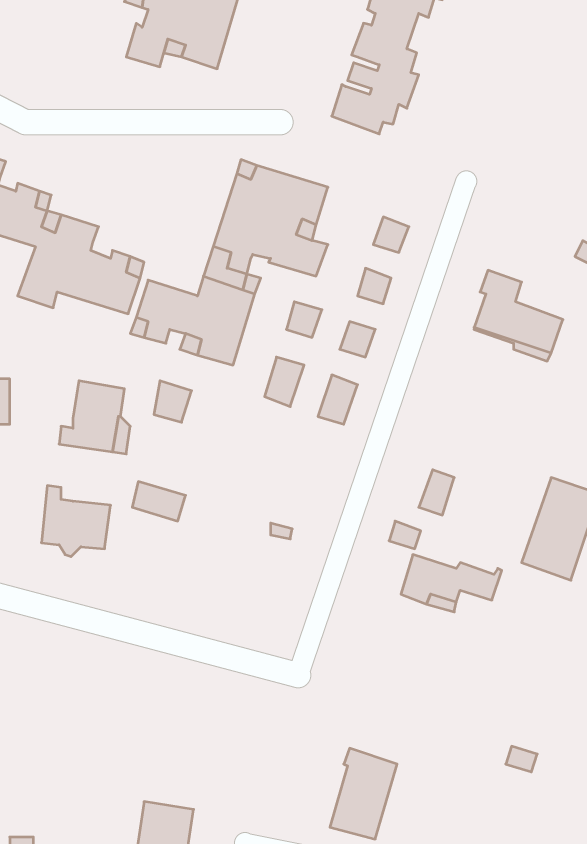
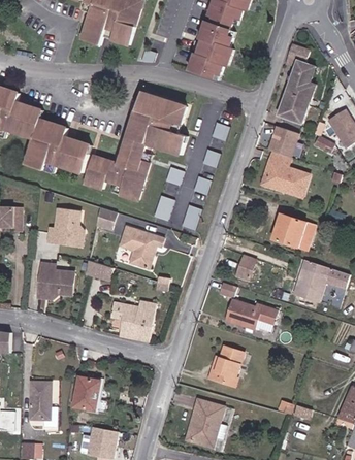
building: none -> [280,42,317,122]
building: none -> [271,124,301,154]
building: none -> [272,213,314,250]
building: none -> [119,226,163,268]
building: none -> [109,299,155,340]
building: none -> [208,344,241,385]
building: none -> [74,377,98,408]
building: none -> [30,382,50,419]

